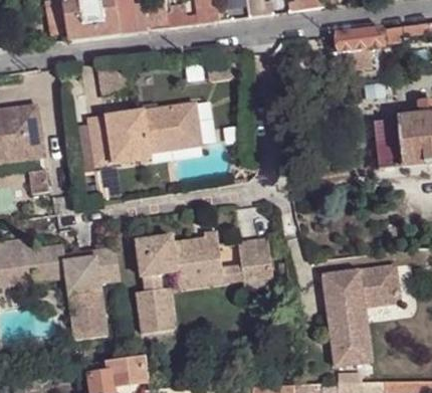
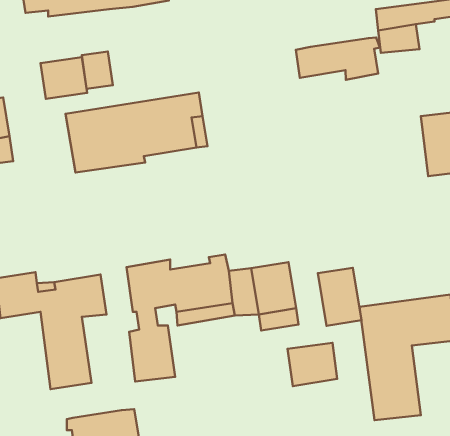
building: none -> [296,37,380,80]
building: none -> [40,57,87,99]
building: none -> [318,268,361,326]
building: none -> [288,343,337,386]

